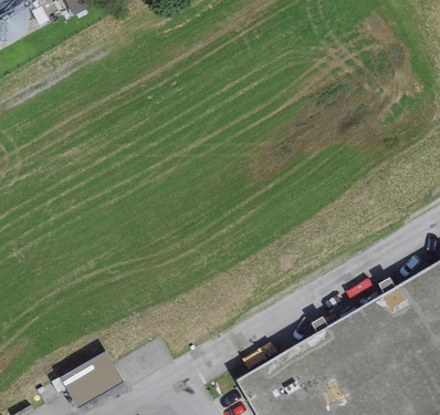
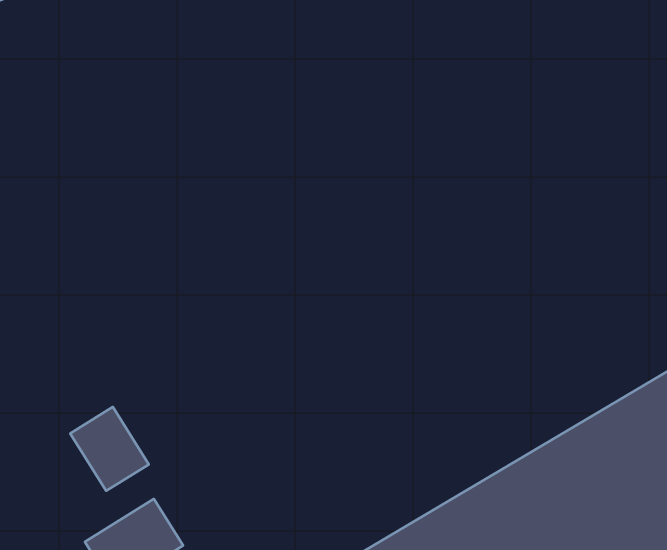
building: none -> [70,407,149,491]

